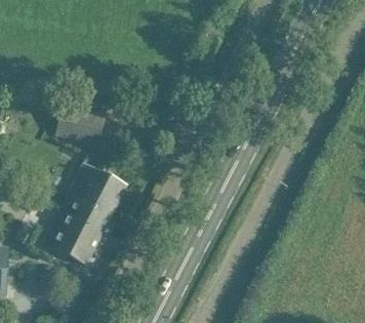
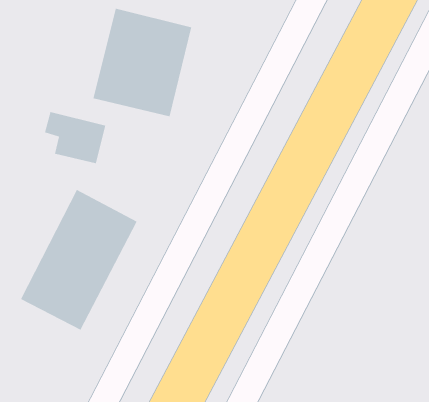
building: none -> [93,8,192,117]

